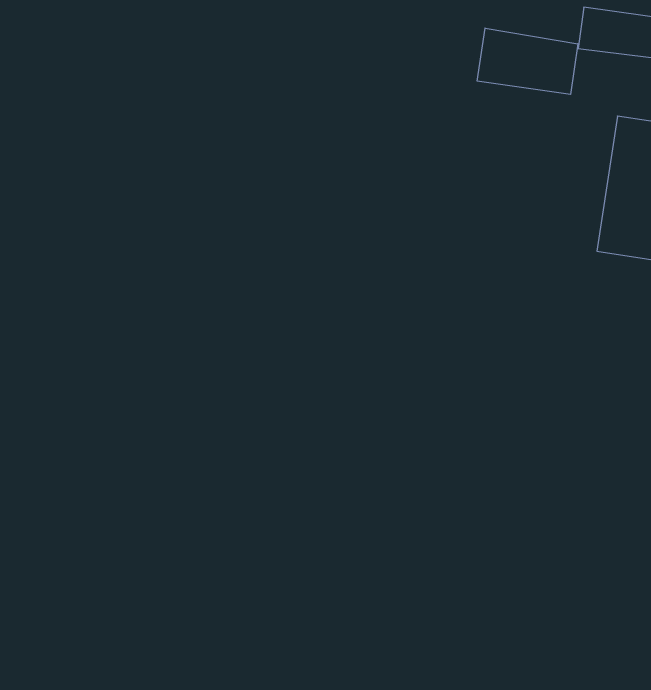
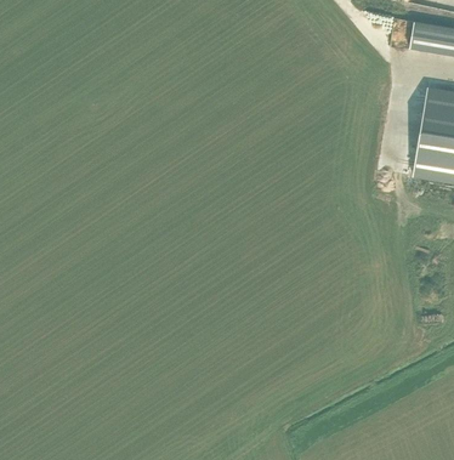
building: [477,28,578,94] -> none

